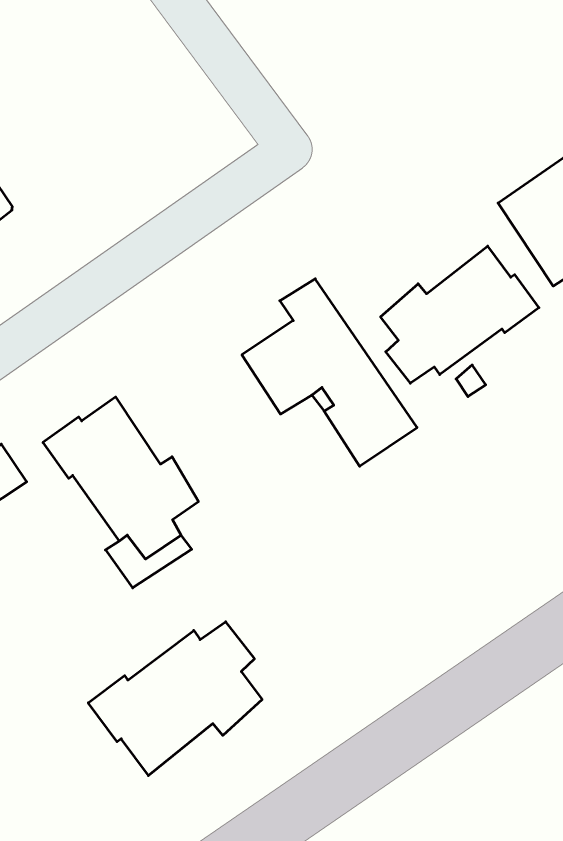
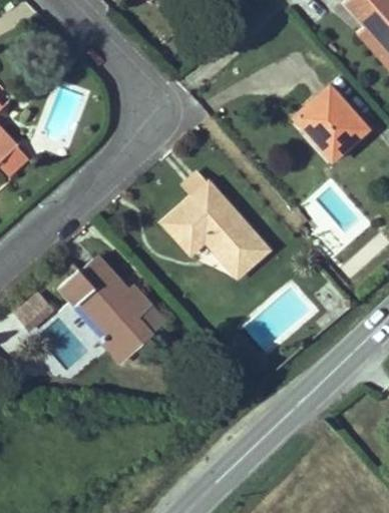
building: [381,246,539,383] -> none
building: [88,622,262,776] -> none

